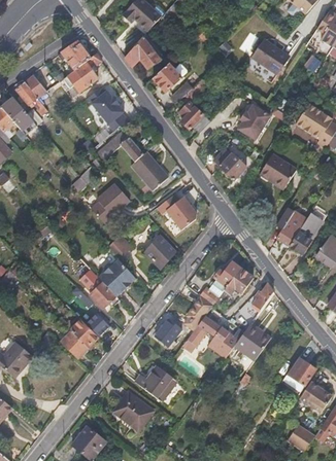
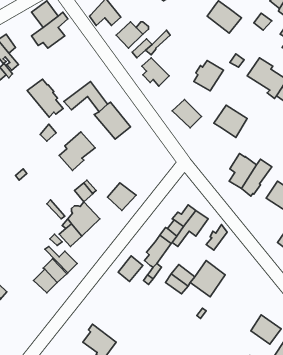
building: [89,88,128,130] -> [27,79,63,117]
building: [157,193,196,231] -> none
building: [282,358,315,393] -> none
building: [135,364,176,399] -> none

